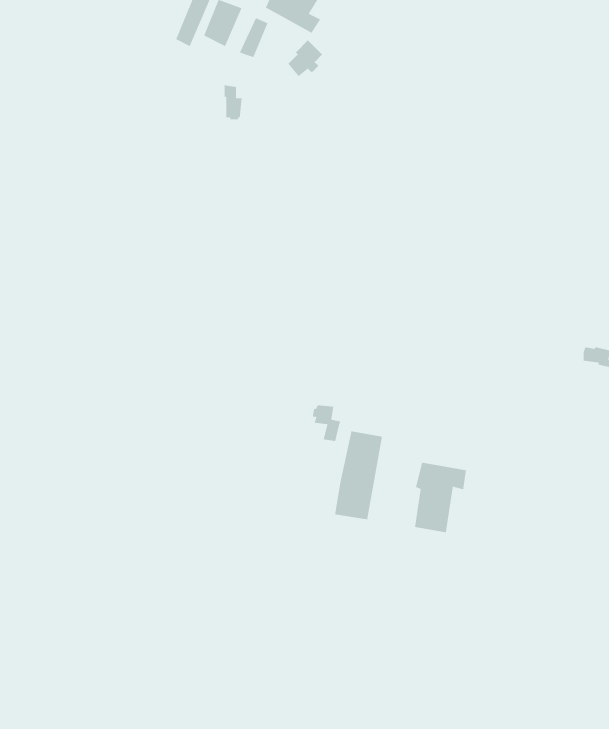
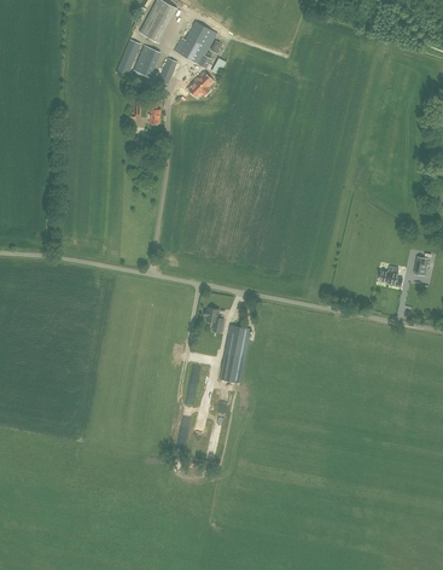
building: [414,462,467,533] -> none

